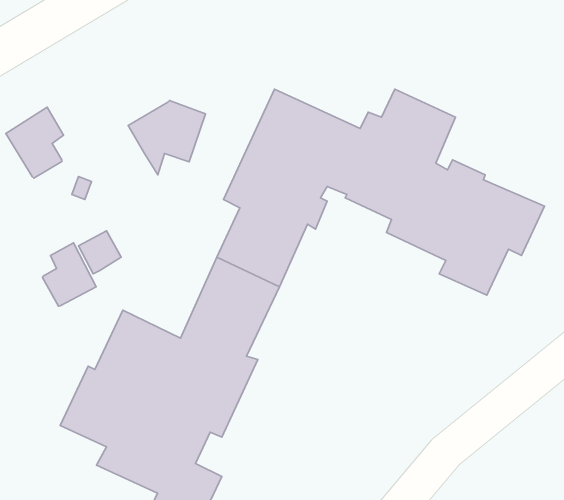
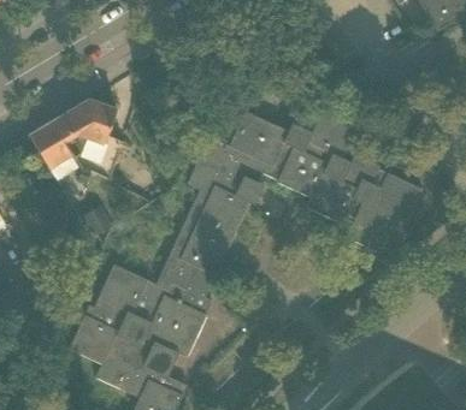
building: [128,101,206,175] -> [58,99,114,153]
building: [43,243,96,306] -> none

